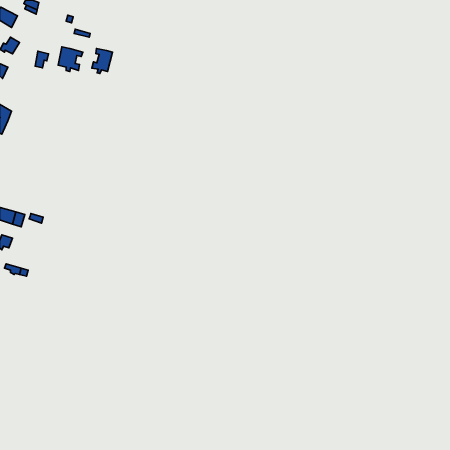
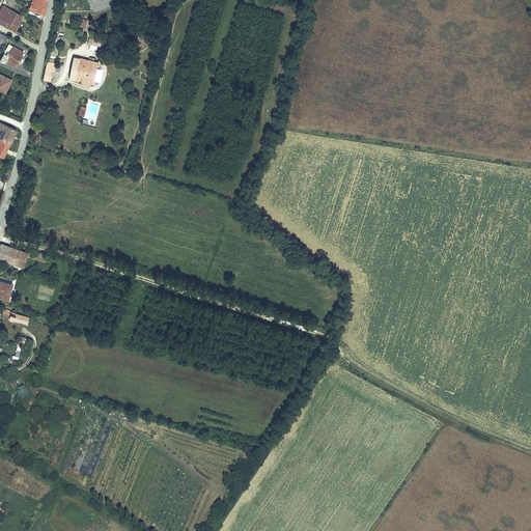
building: [92,49,113,73] -> none

